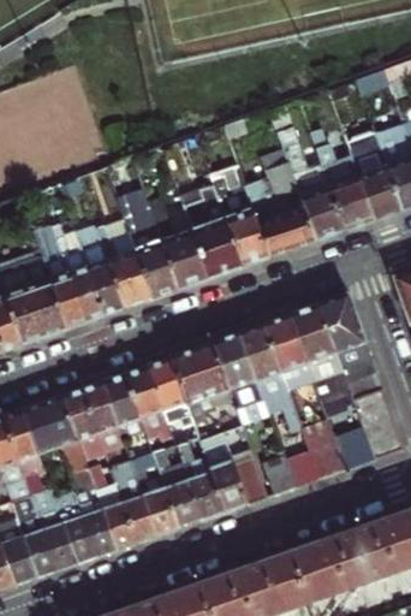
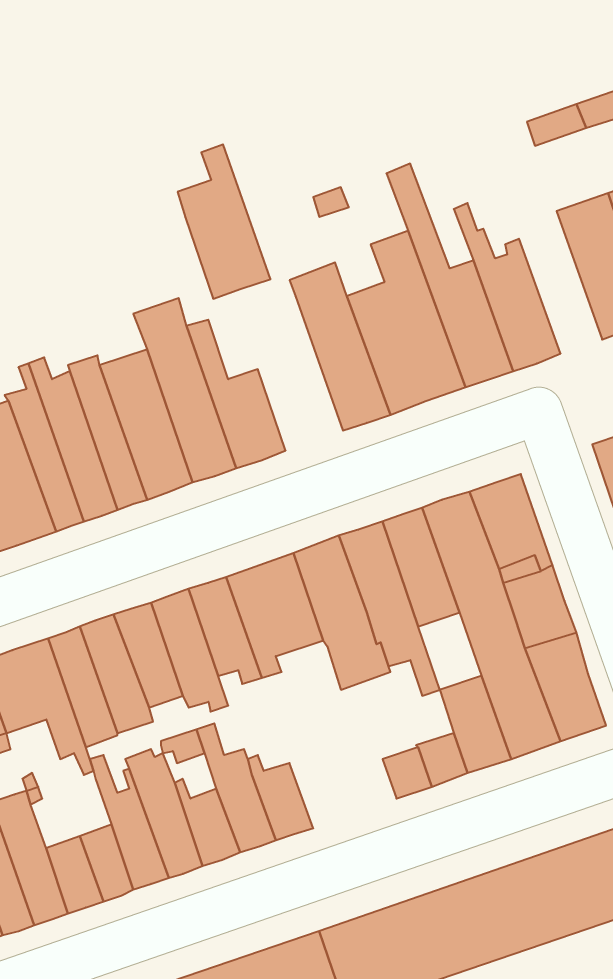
building: [336,116,399,221] -> none
building: [185,186,242,280] -> [178,144,271,299]
building: [199,432,266,510] -> none

